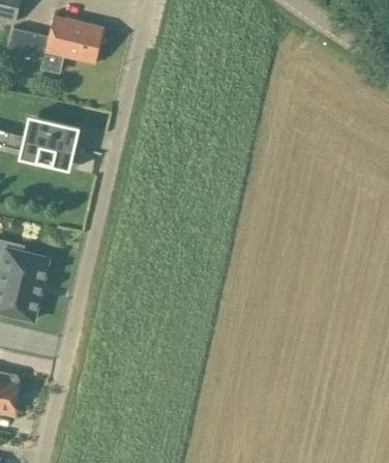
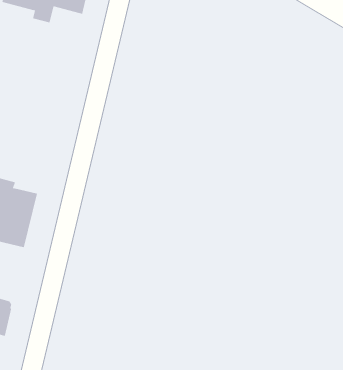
building: [20,116,80,171] -> none

